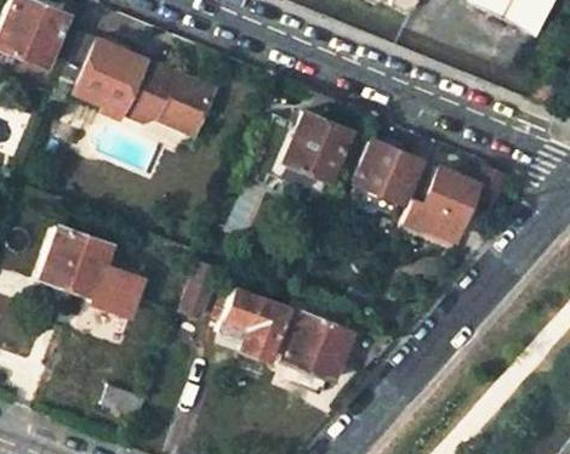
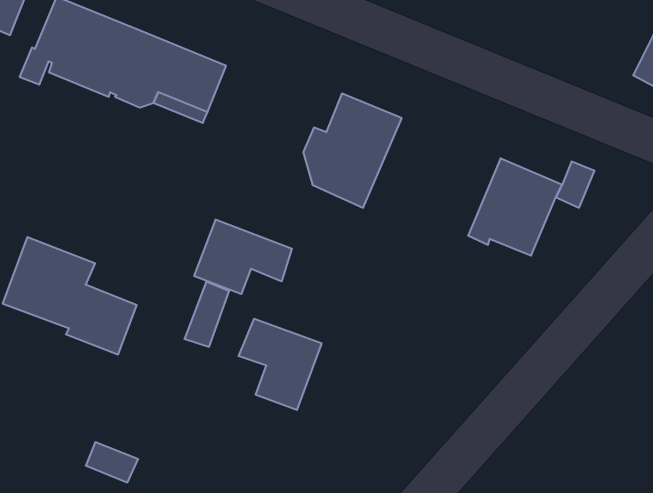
building: [352,140,422,217] -> none
building: none -> [194,219,292,294]
building: [280,312,352,381] -> none

